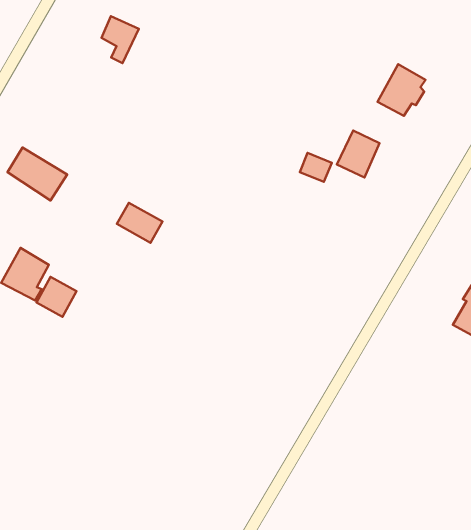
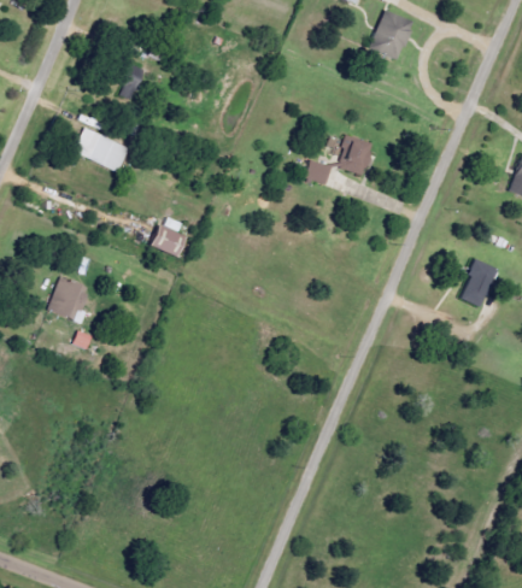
building: [377,64,426,116] -> [370,14,411,60]
building: [7,147,67,200] -> [75,128,129,172]
building: [36,277,77,317] -> none

